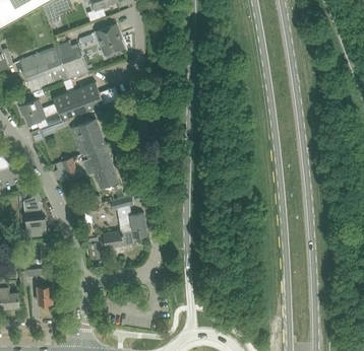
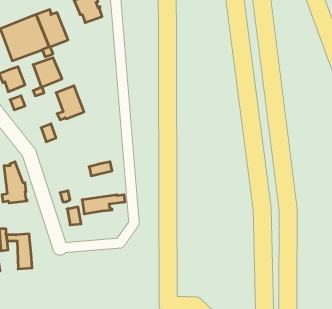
building: [73,82,119,112] -> none
building: [82,145,119,189] -> none
building: [103,213,145,234] -> none

